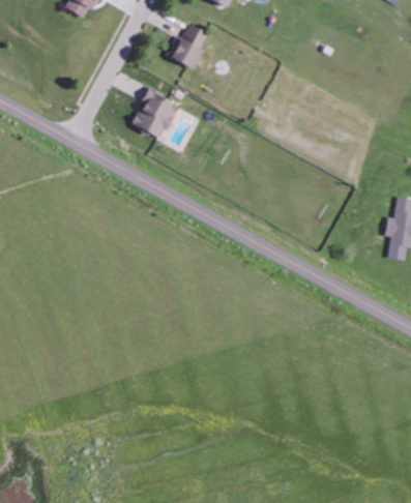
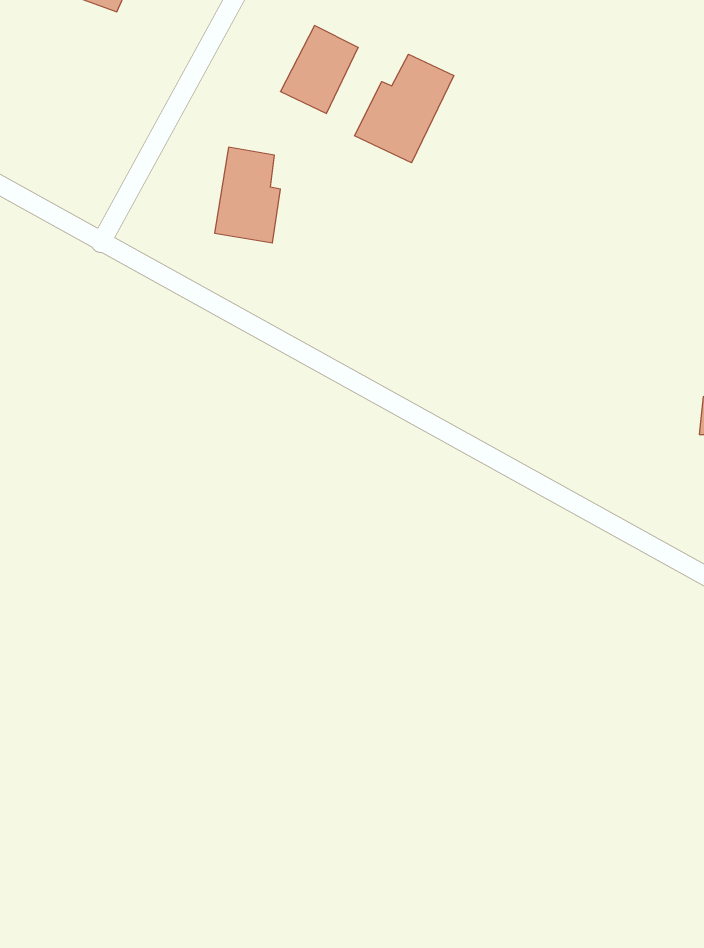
building: none -> [355,54,454,163]

